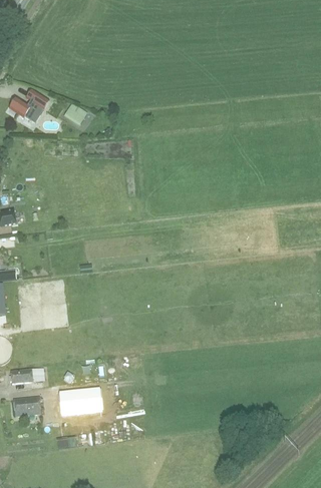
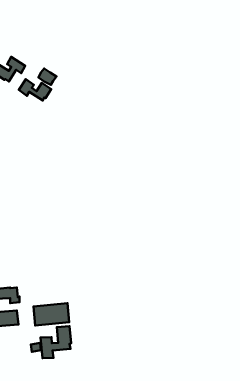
building: none -> [19,79,51,100]
building: none -> [40,326,71,358]

